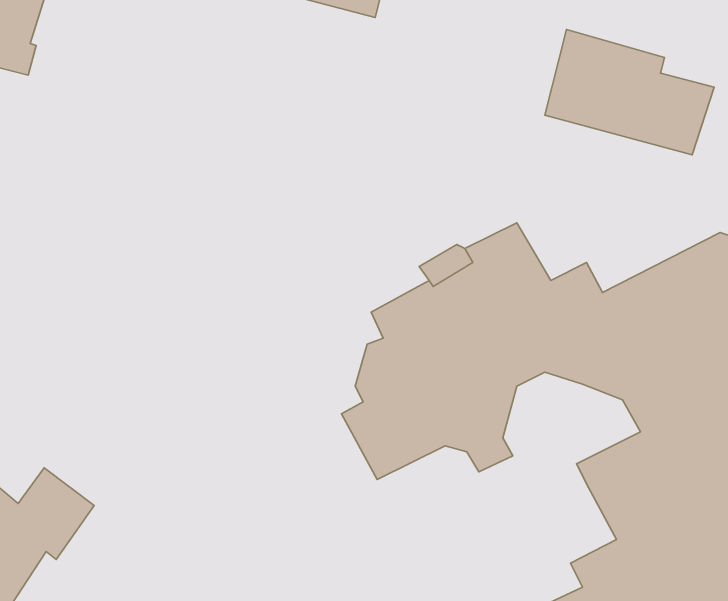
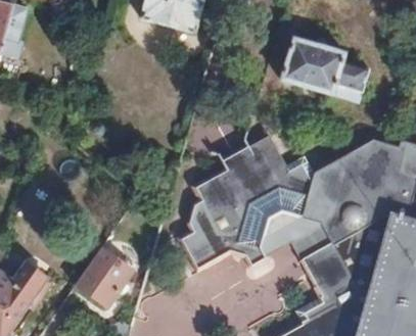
building: none -> [260,213,330,260]
building: none -> [75,247,132,306]

